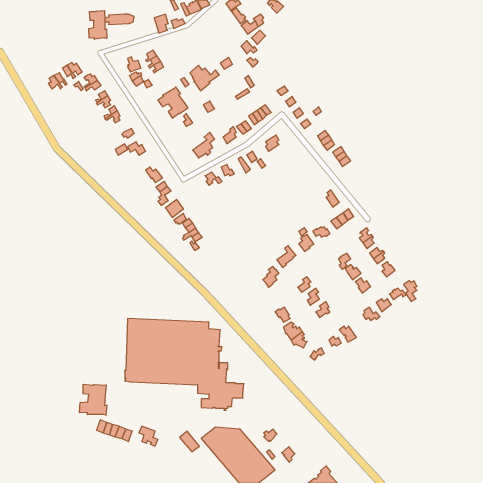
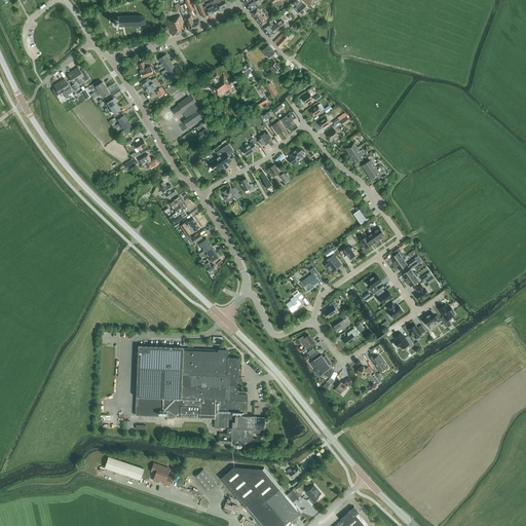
building: [89,11,107,39] -> none
building: [79,384,107,415] -> none

